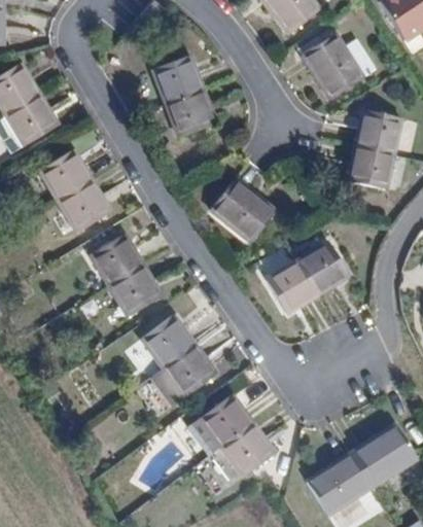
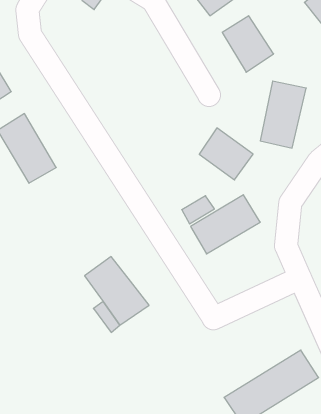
building: [152,56,214,137] -> none
building: [212,179,275,240] -> [199,128,253,180]
building: [92,236,161,315] -> none
building: [201,396,274,475] -> none

